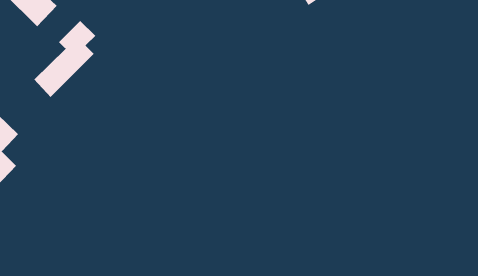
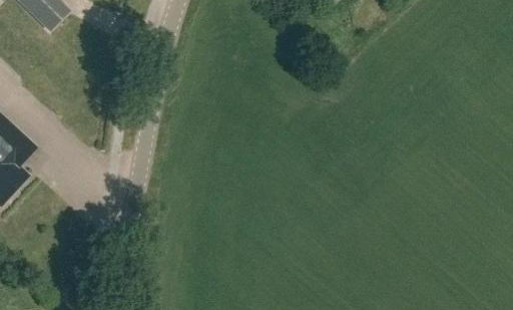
building: [33,20,96,98] -> none

